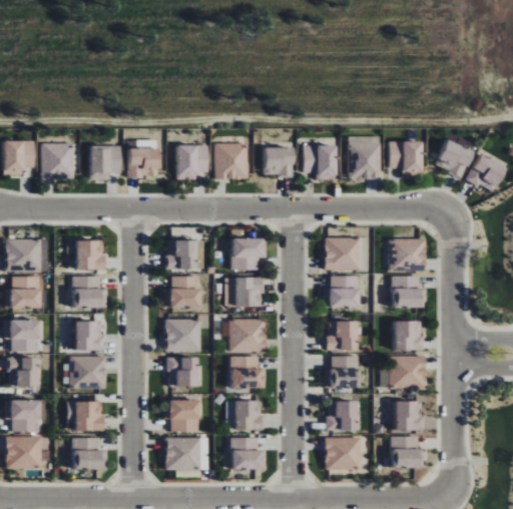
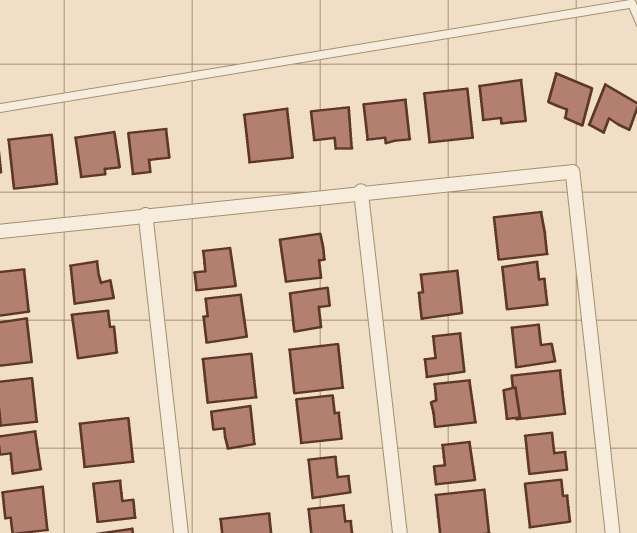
building: [177,145,206,175] -> none
building: [324,238,360,270] -> none
building: [75,321,103,349] -> none
building: [168,400,198,432] -> none

